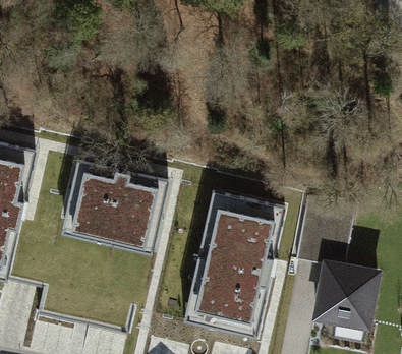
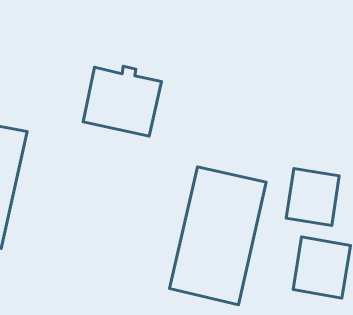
building: [72,172,156,246] -> [83,66,161,136]
building: none -> [286,168,339,226]

